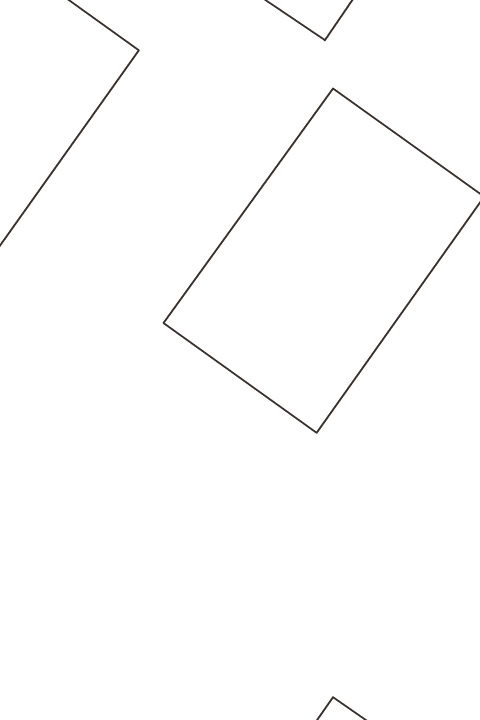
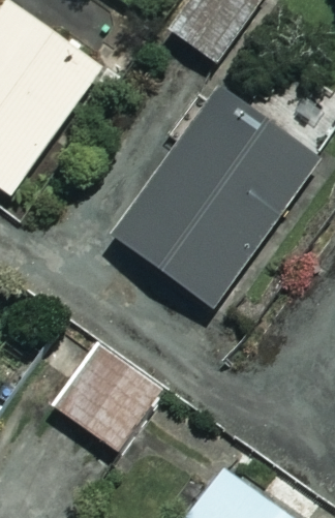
building: none -> [57,344,164,452]

